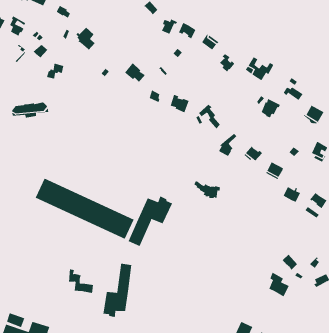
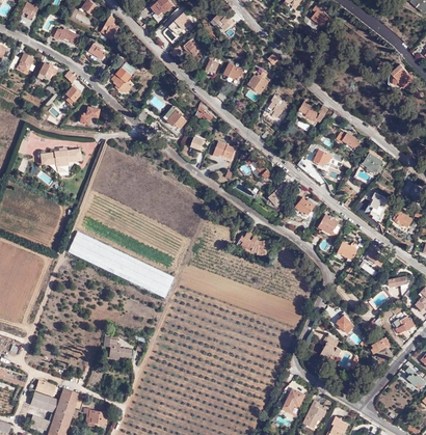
building: [128,195,173,247] -> none
building: [103,263,132,318] -> none

